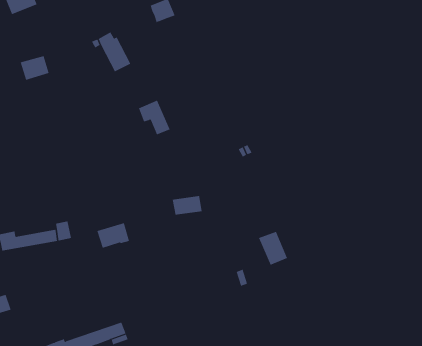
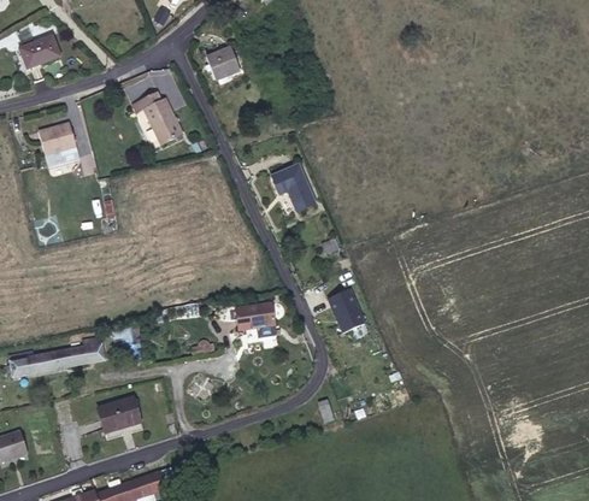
building: [138,100,170,135] -> [272,164,314,210]
building: [97,222,130,248] -> [96,397,140,431]
building: [258,231,288,266] -> [328,288,366,332]

